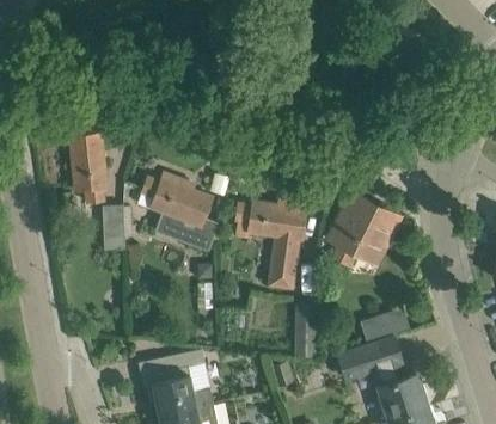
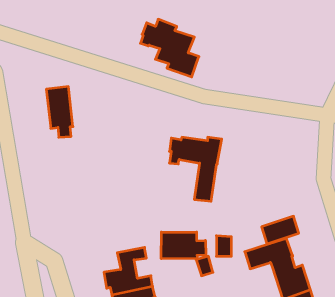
building: [139,173,218,251] -> [140,19,199,77]
building: [332,196,400,265] -> none
building: [102,205,124,250] -> none
building: none -> [161,232,206,259]

